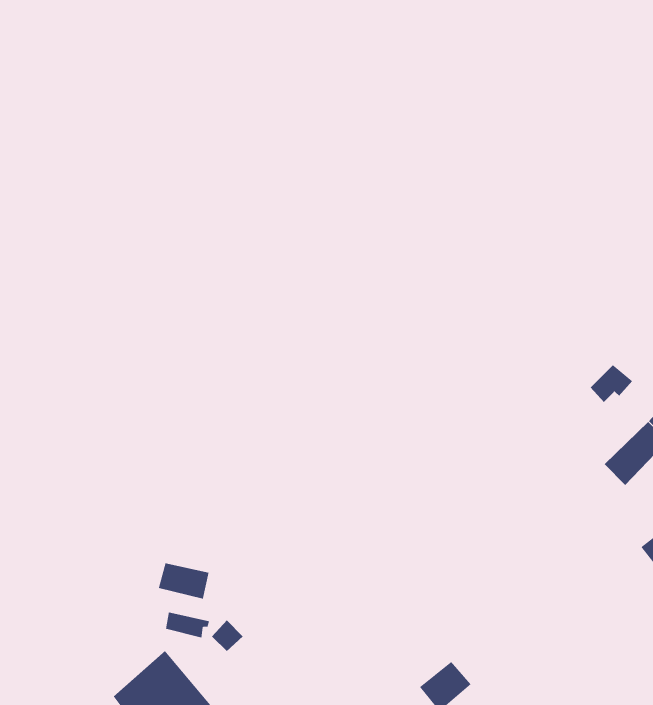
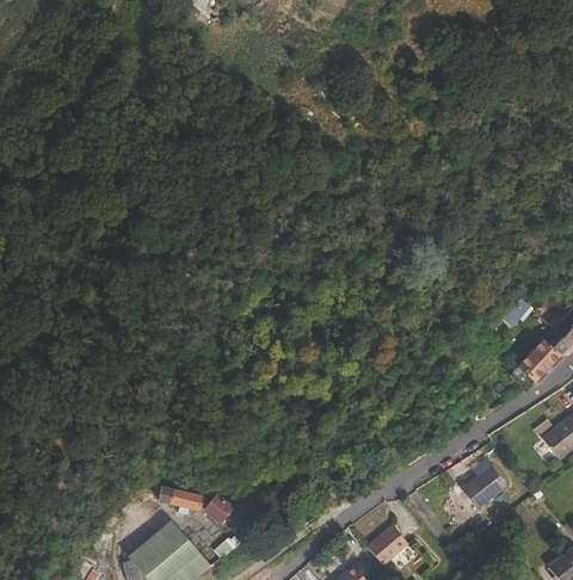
building: [158,562,209,600] -> none
building: none -> [461,457,505,510]

